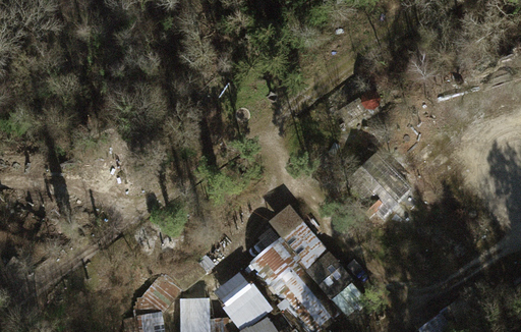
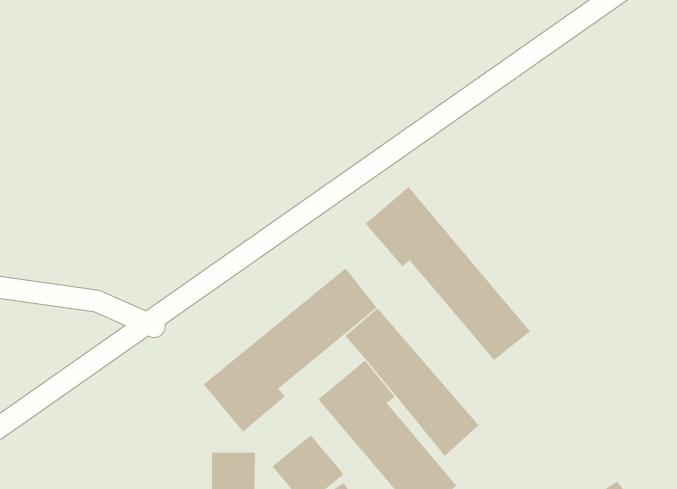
building: none -> [365,186,531,361]
building: none -> [203,268,377,432]

